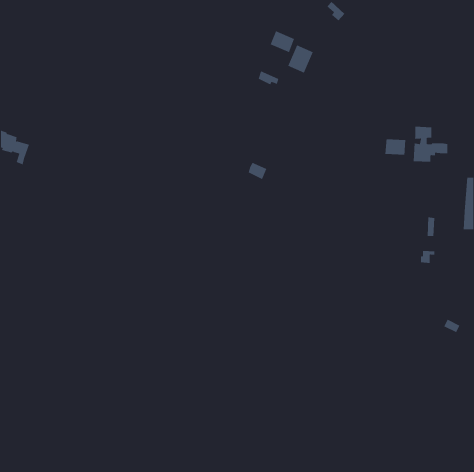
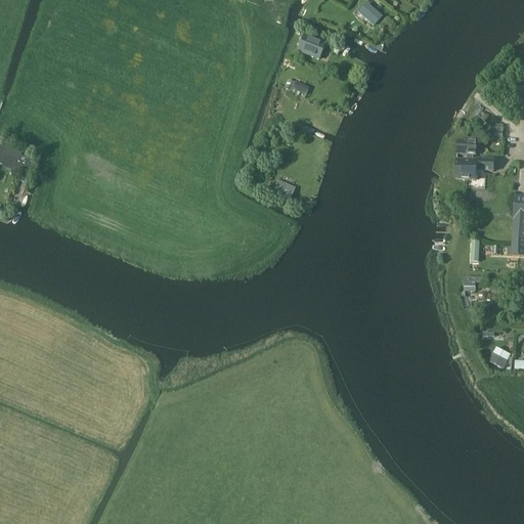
building: [288,44,313,74] -> none
building: [385,138,406,156] -> none

